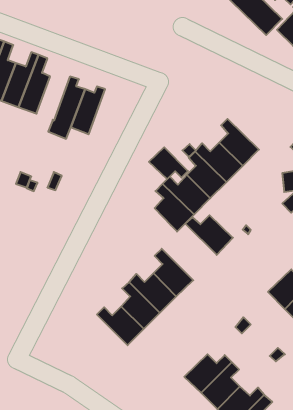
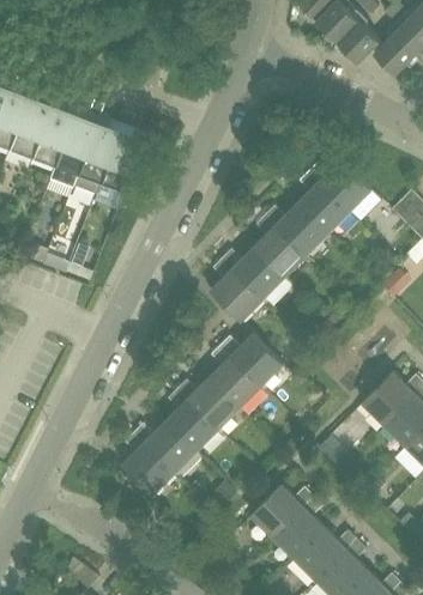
building: none -> [53,102,102,176]
building: none -> [307,160,370,214]
building: [149,147,188,179] -> none
building: [185,215,233,255] -> [219,335,283,388]
building: none -> [121,433,174,497]

